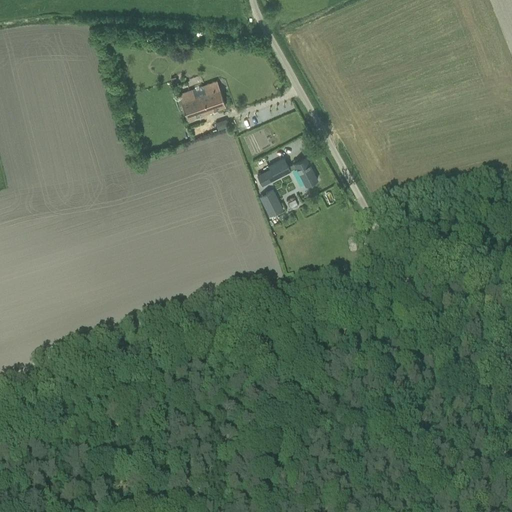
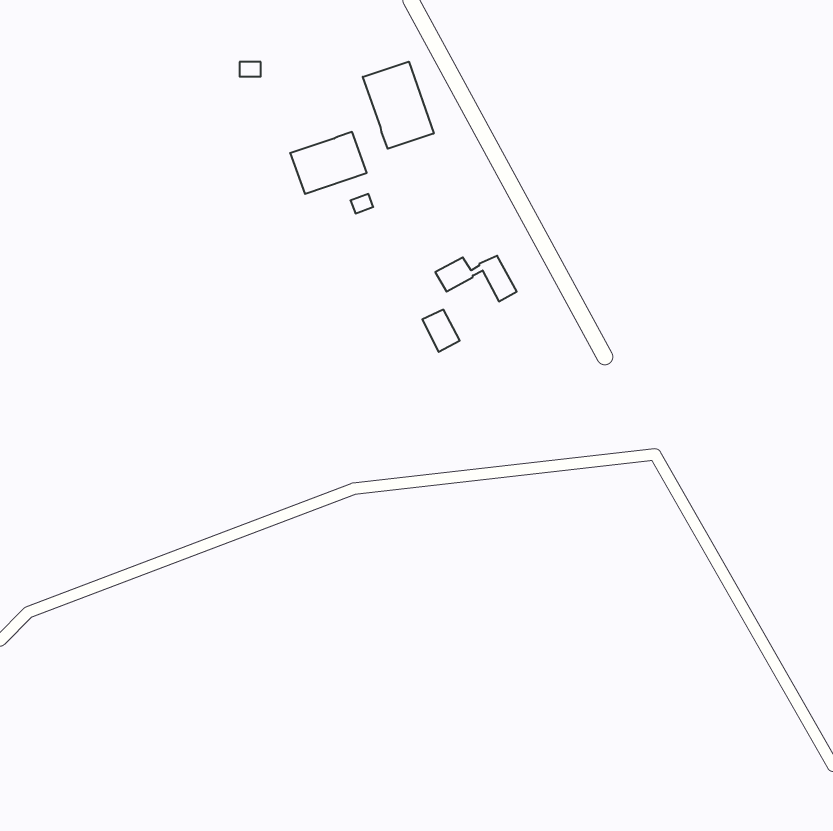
building: none -> [363,62,434,149]

